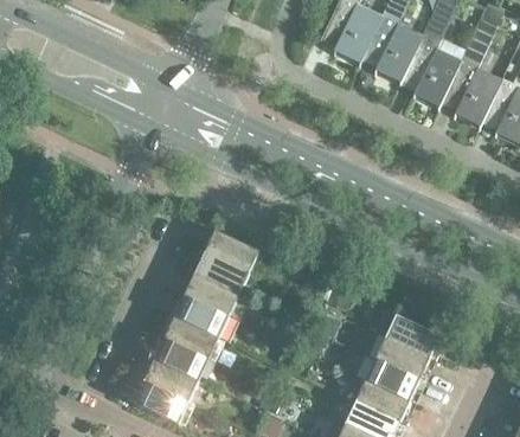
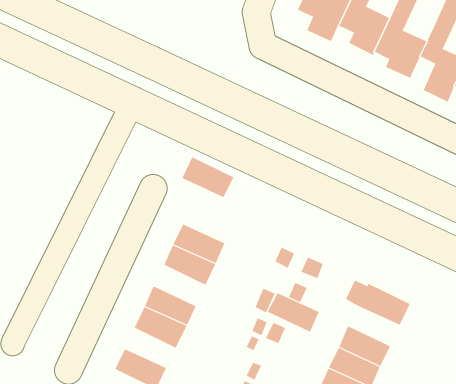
building: [206,229,261,271] -> [182,157,234,198]
building: [175,294,230,336] -> none
building: [377,336,431,378] -> [267,292,320,332]
building: [146,359,199,400] -> none

